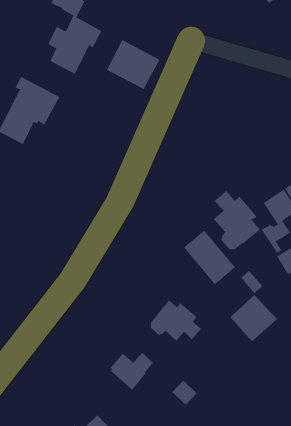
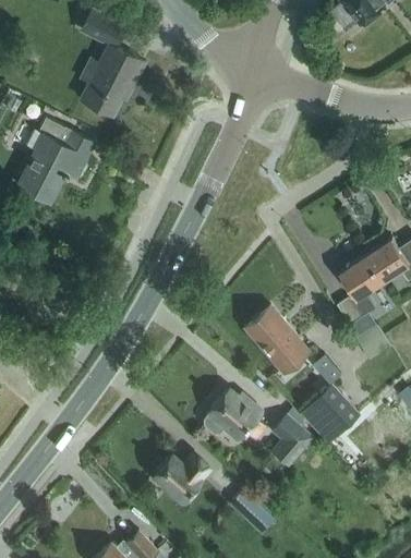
building: [106,39,160,90] -> none
building: [213,190,261,250] -> none
building: none -> [270,413,313,465]

